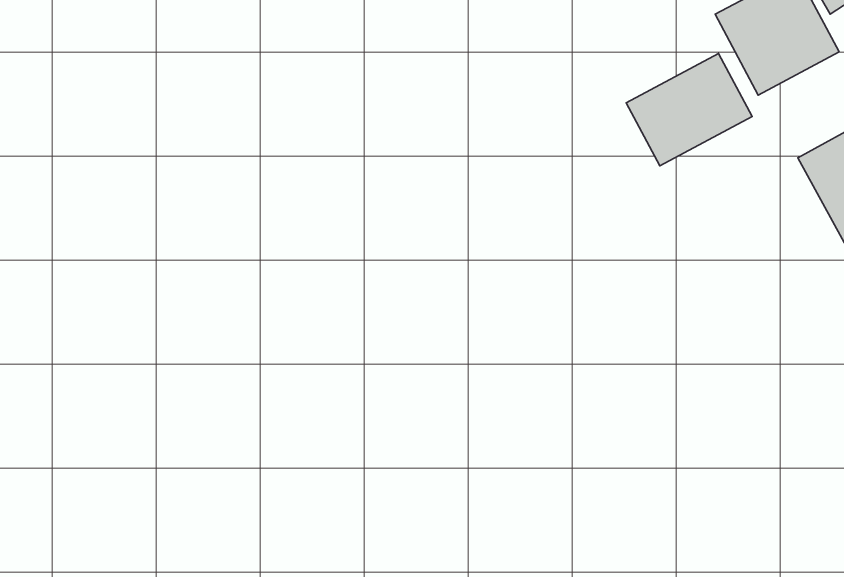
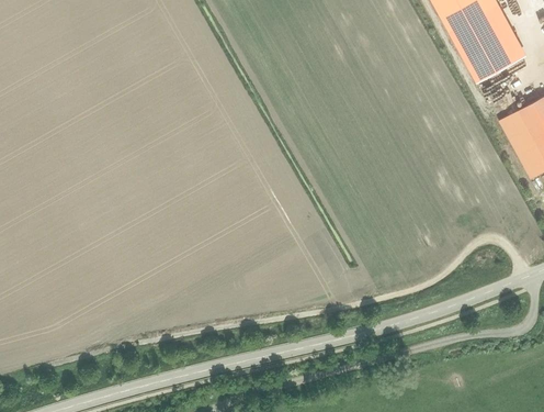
building: [626,54,752,166] -> none

